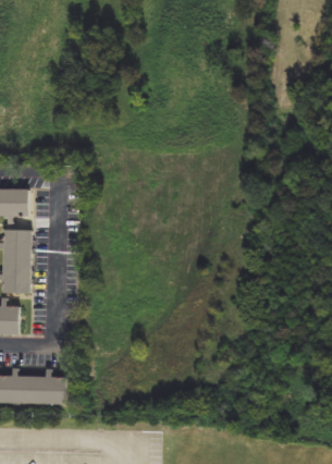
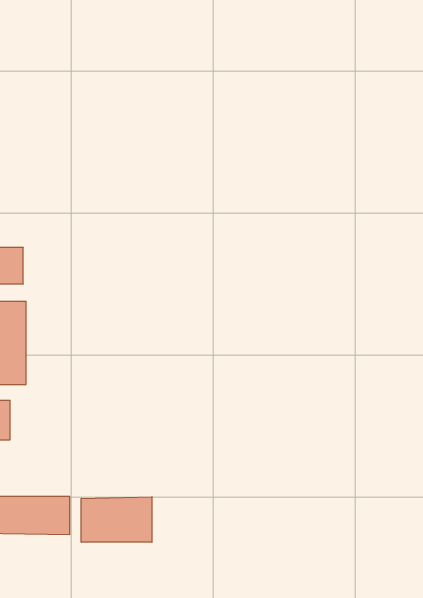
building: none -> [81,497,152,542]

